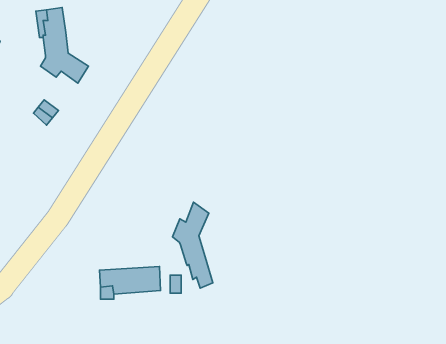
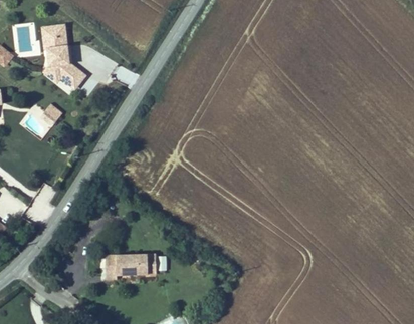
building: [172,202,213,288] -> none

